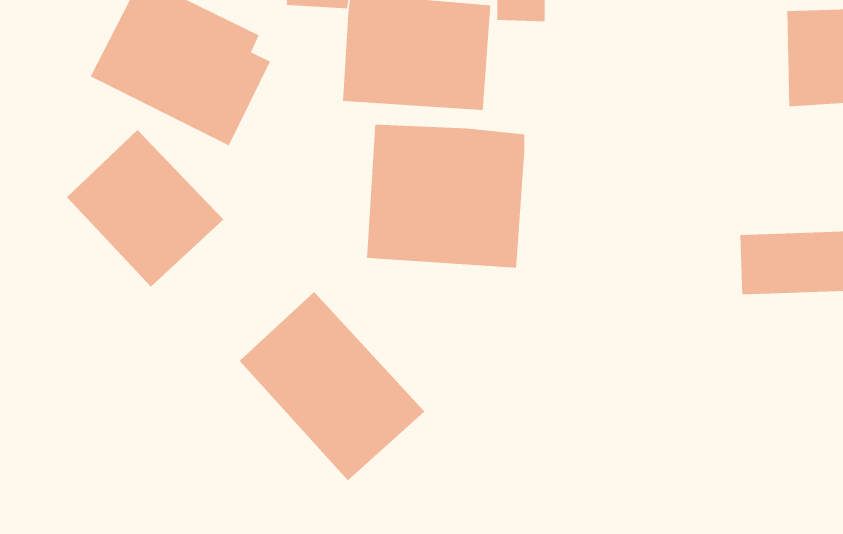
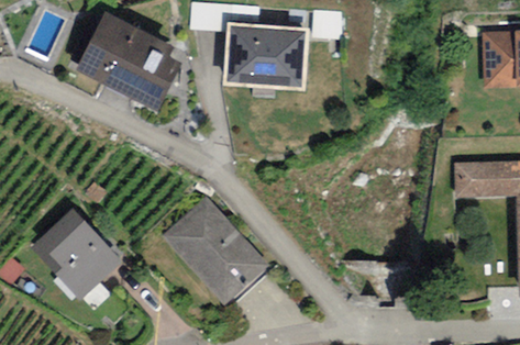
building: [366,124,525,269] -> none
building: [66,129,224,287] -> [31,208,123,300]

